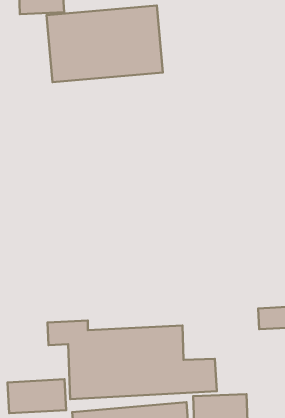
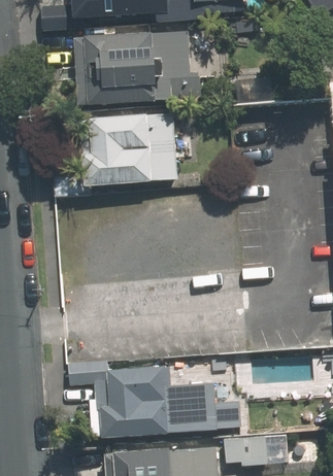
building: none -> [70,111,174,191]
building: [8,379,66,413] -> none

